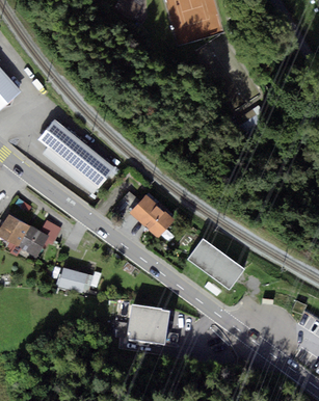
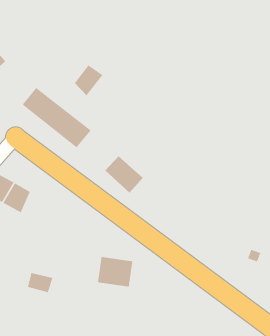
building: none -> [74,64,103,96]
building: [183,232,248,291] -> none
building: [59,268,88,291] -> [27,272,53,293]

